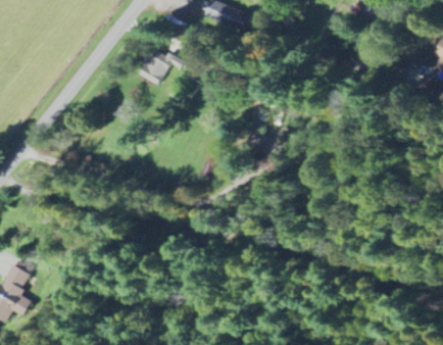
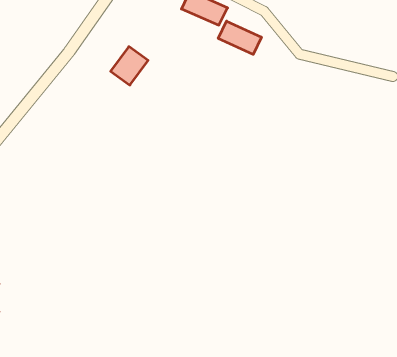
building: none -> [218,21,261,54]

